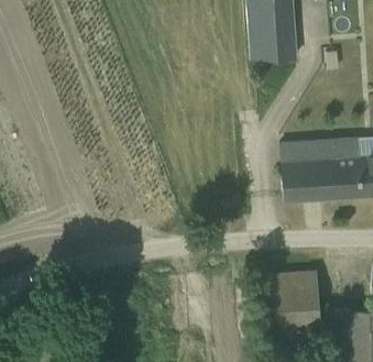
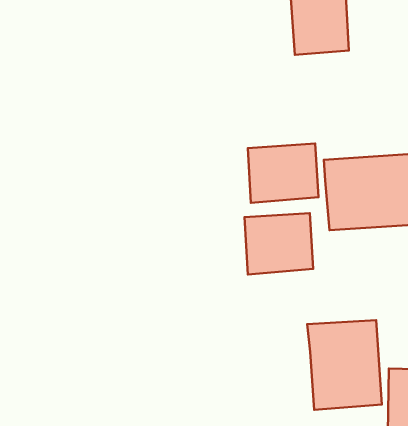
building: none -> [248,144,318,203]
building: none -> [244,213,313,275]

